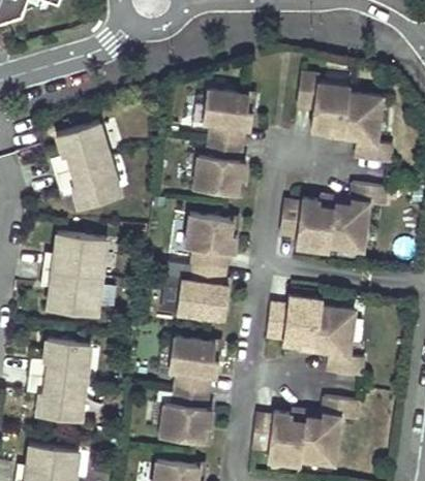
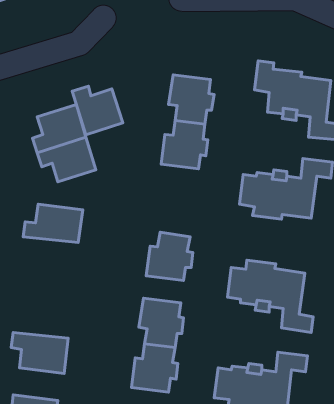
building: none -> [72,86,123,135]
building: [186,216,236,270] -> none
building: [38,270,102,316] -> none
building: [30,341,96,383] -> none

